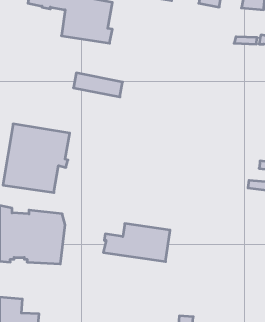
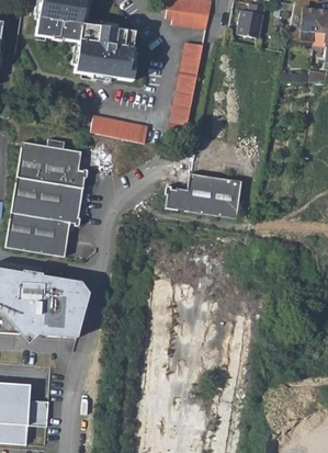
building: none -> [167,42,202,134]
building: none -> [18,143,90,186]
building: [103,224,170,262] -> [166,173,245,218]

